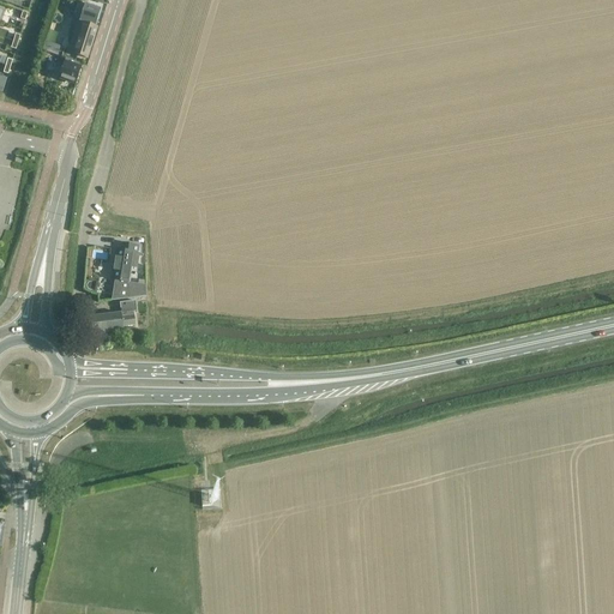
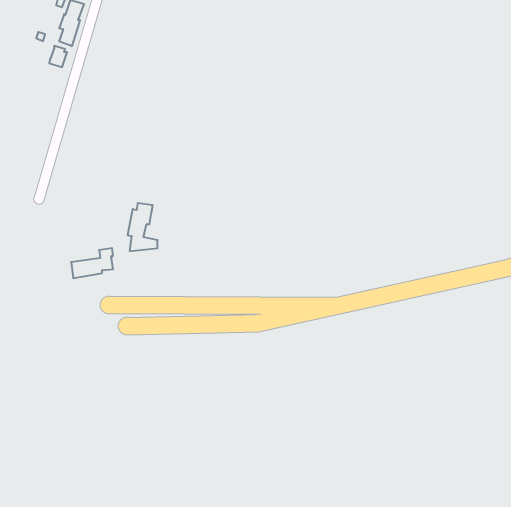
building: [109,239,145,296] -> [128,203,158,251]

